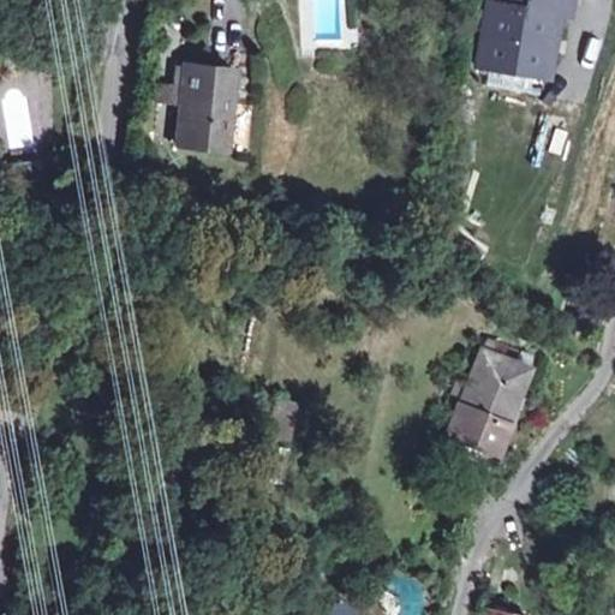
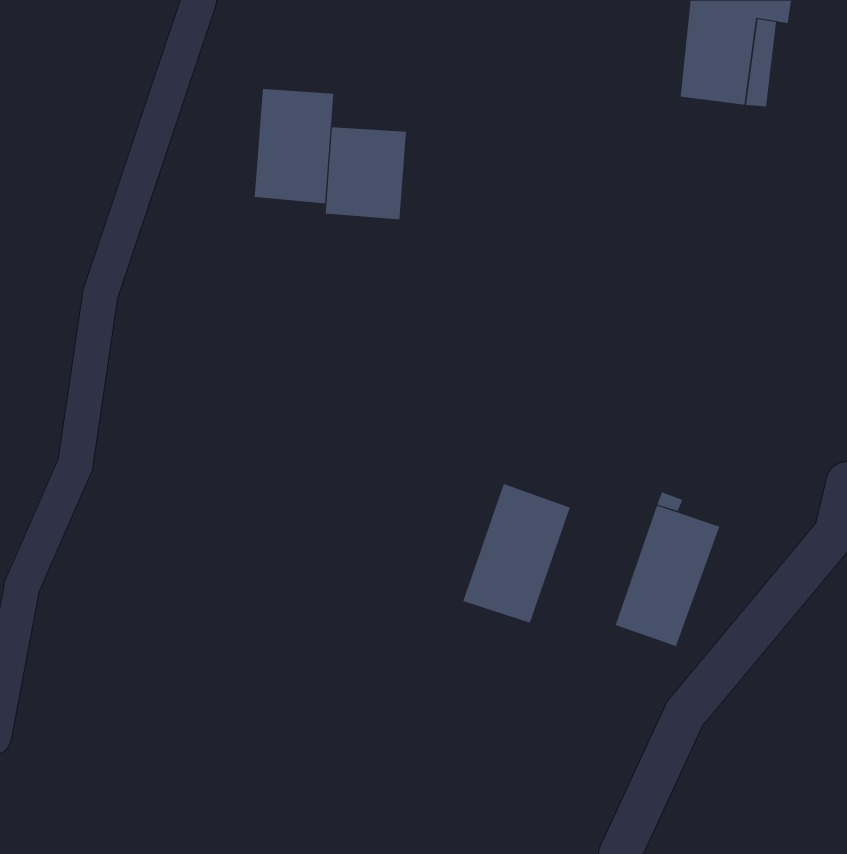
building: none -> [325,126,407,220]
building: none -> [462,483,570,624]

